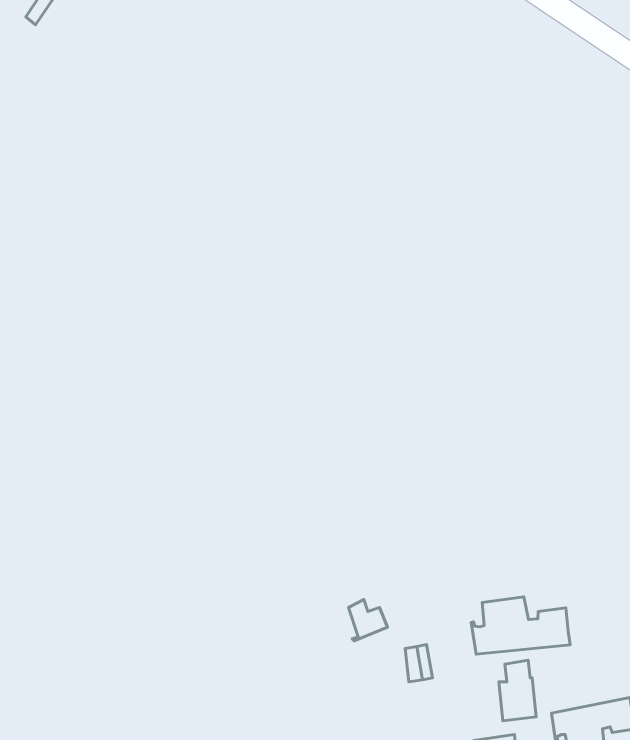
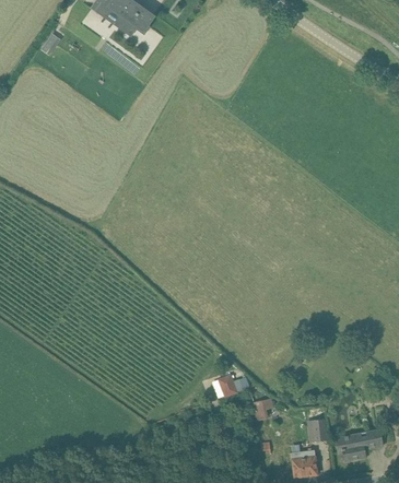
building: [471,597,570,654] -> none

